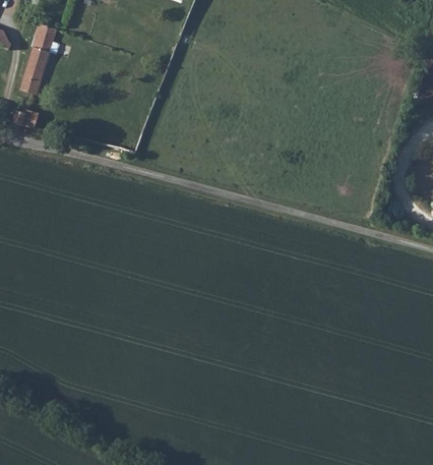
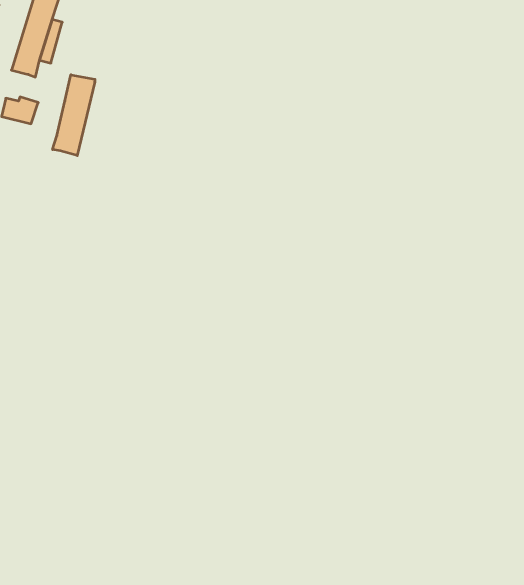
building: none -> [53,75,95,156]

